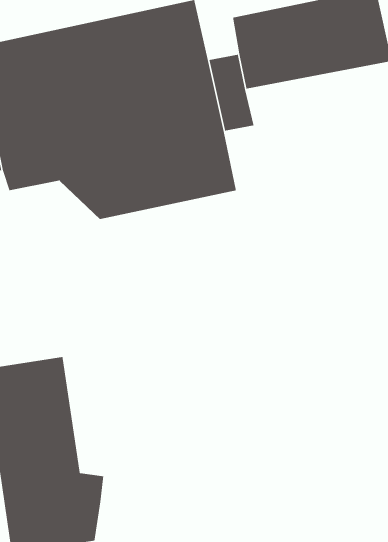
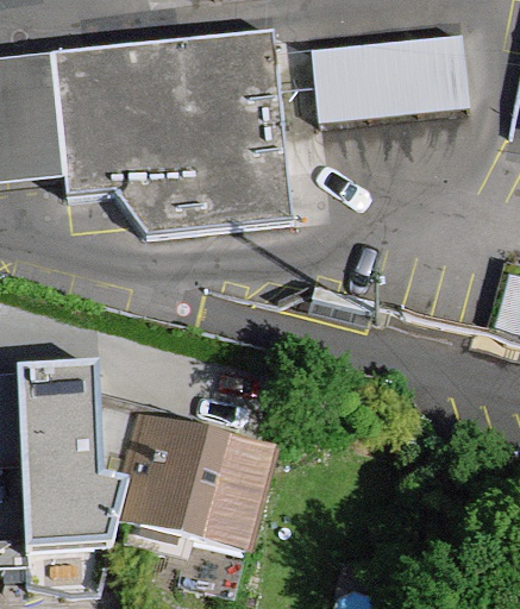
building: none -> [123,419,274,555]

